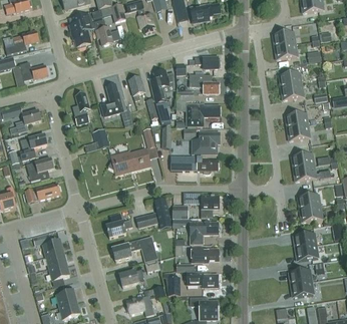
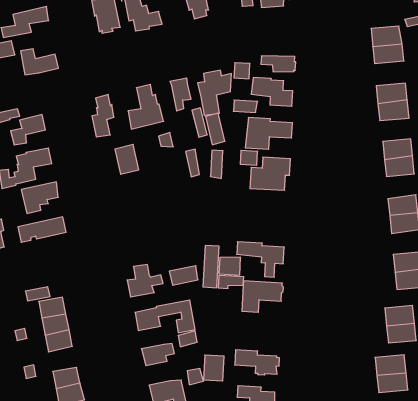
building: [108,147,151,173] -> none
building: [170,156,219,173] -> none
building: [192,245,220,261] -> none

